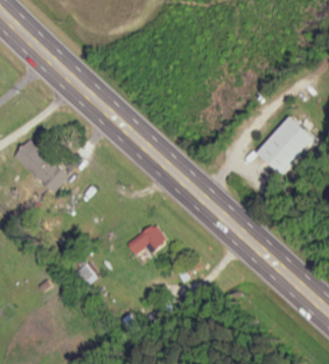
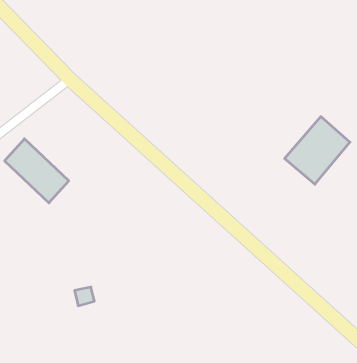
building: [125,223,166,254] -> none

